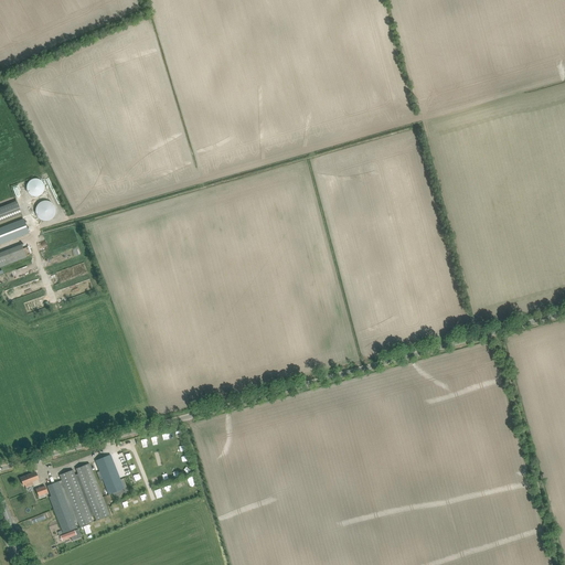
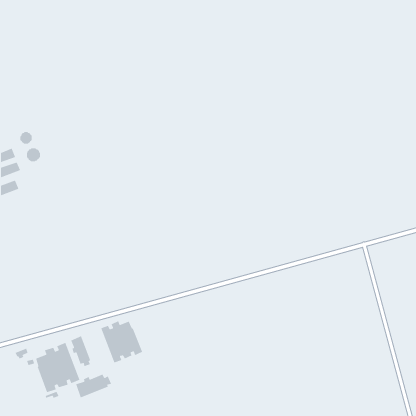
building: none -> [100,320,143,363]
building: none -> [75,373,112,398]

